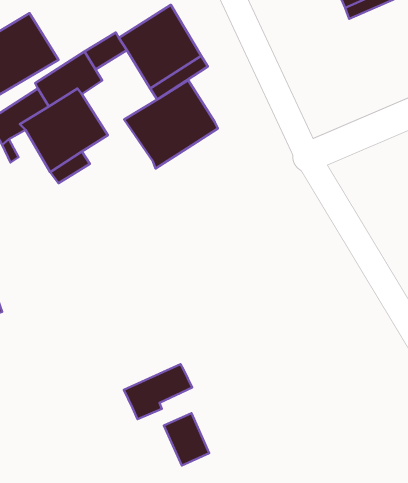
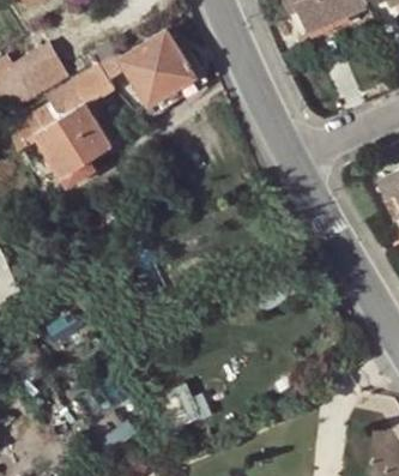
building: [124,80,218,169] -> none
building: [124,364,192,419] -> none

